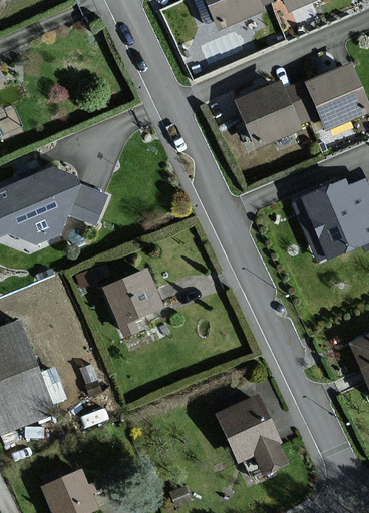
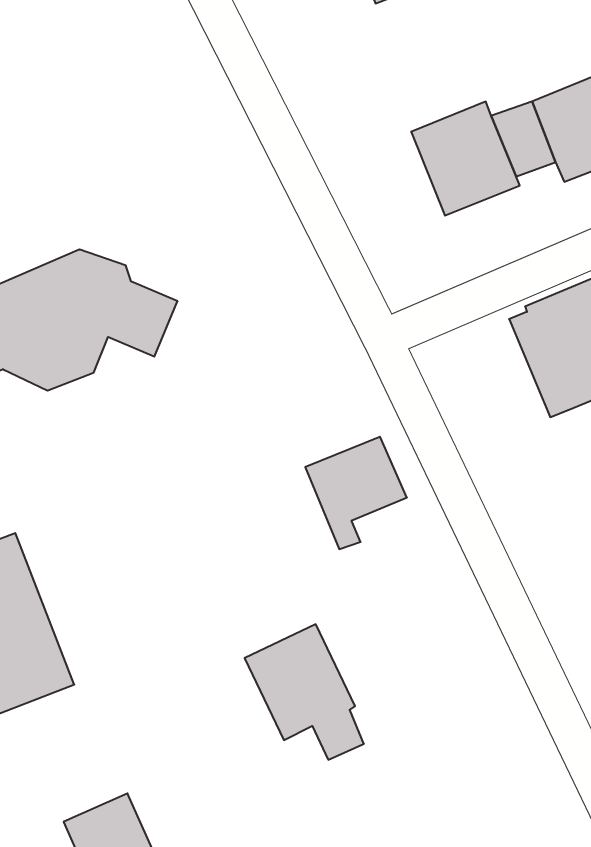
building: [104,271,161,334] -> [305,437,407,549]
building: [218,395,285,471] -> [245,624,364,760]

